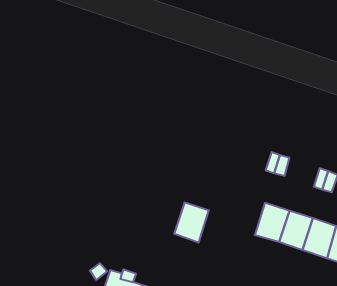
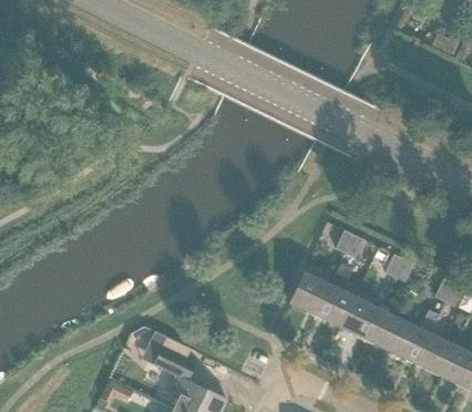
building: [174,203,209,243] -> [289,271,330,317]

